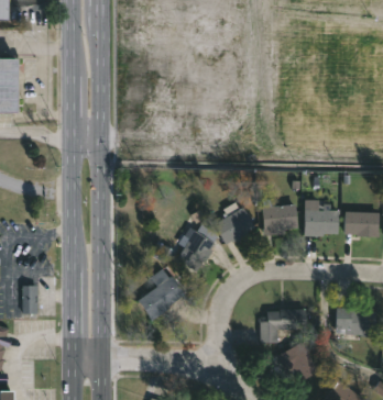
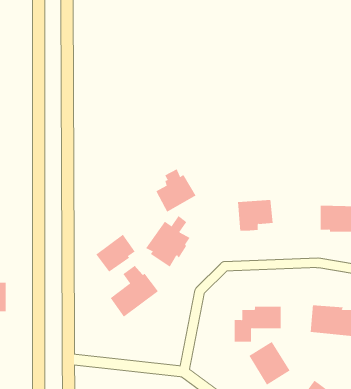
building: [307,200,337,236] -> none
building: [217,202,256,245] -> [156,168,196,213]
building: none -> [95,234,135,272]

